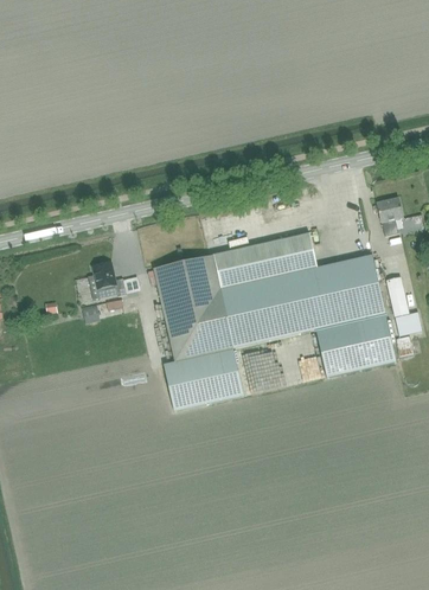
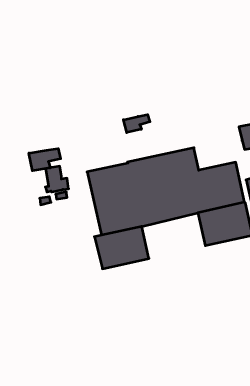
building: none -> [123,115,150,133]
building: none -> [29,149,61,171]

